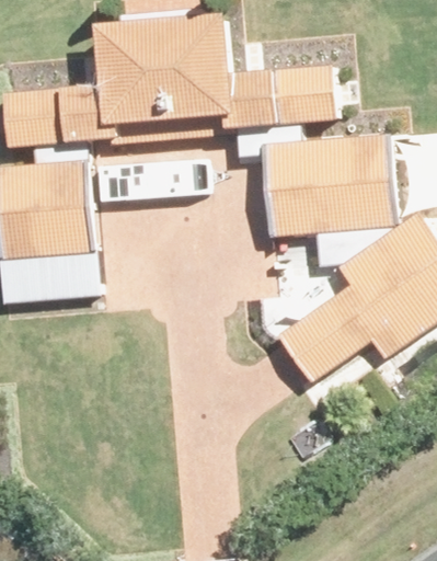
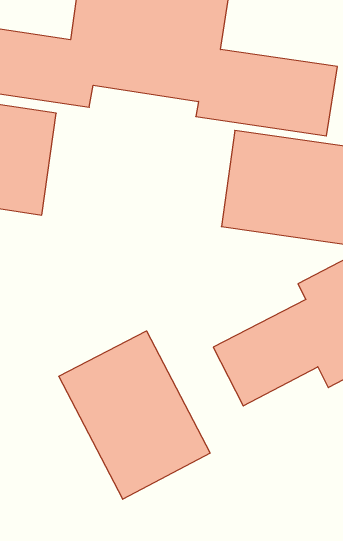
building: none -> [59,331,210,499]

